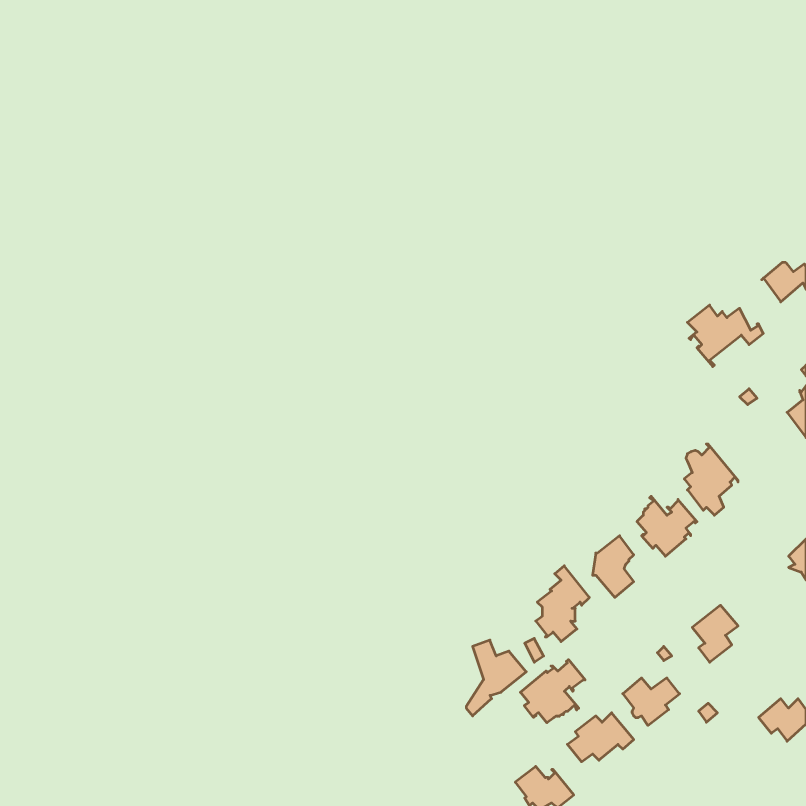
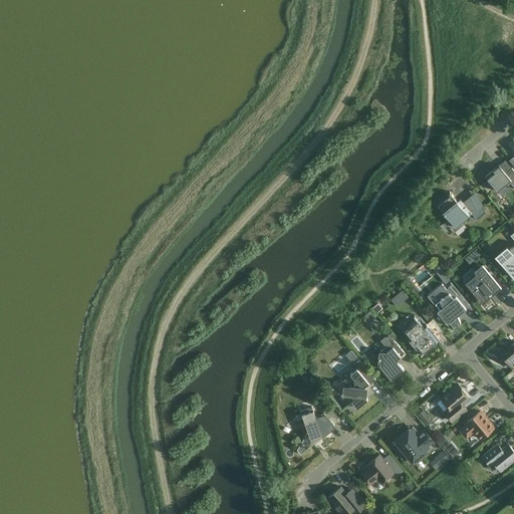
building: none -> [465,266,501,305]
building: none -> [460,412,493,440]
building: [520,660,585,723] -> none

